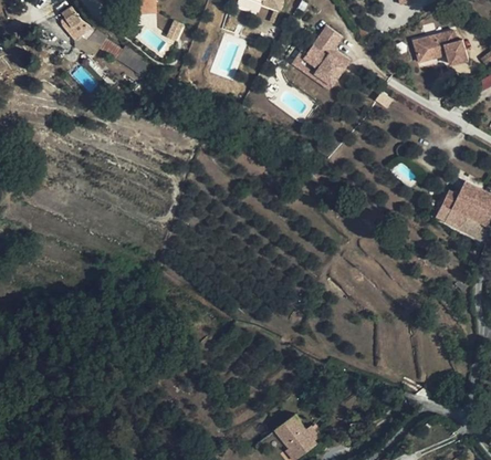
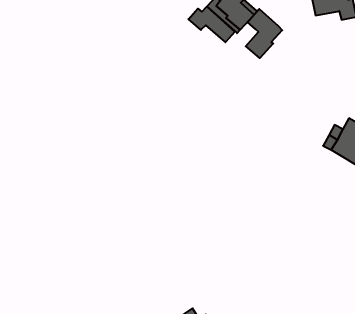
building: none -> [246,9,282,58]
building: none -> [188,6,235,42]

